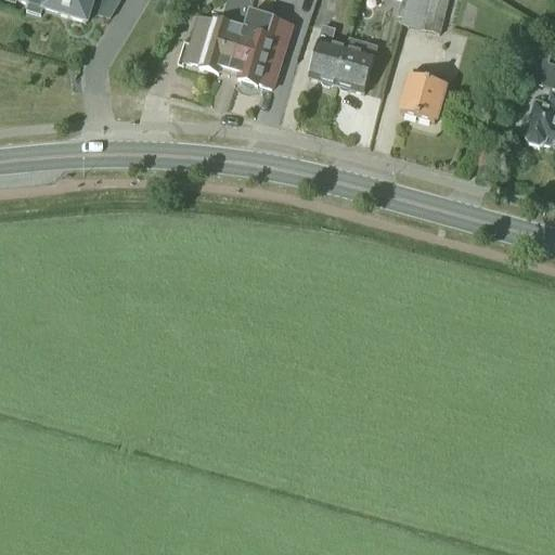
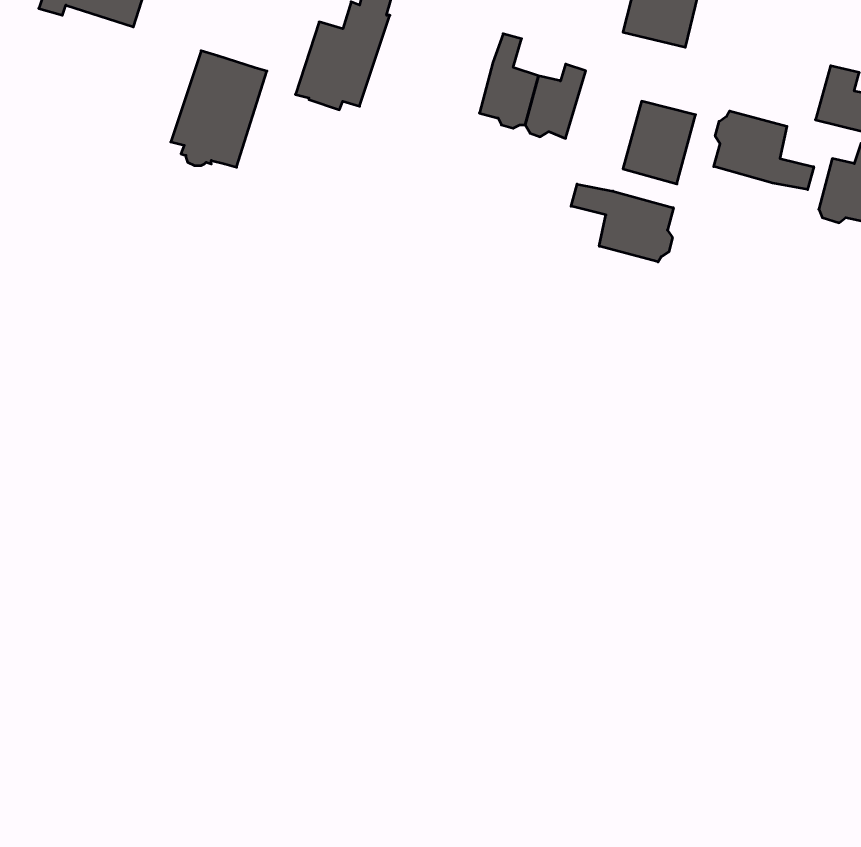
building: [232,10,294,85] -> [171,51,267,167]
building: none -> [714,111,814,190]
building: none -> [571,184,673,262]

